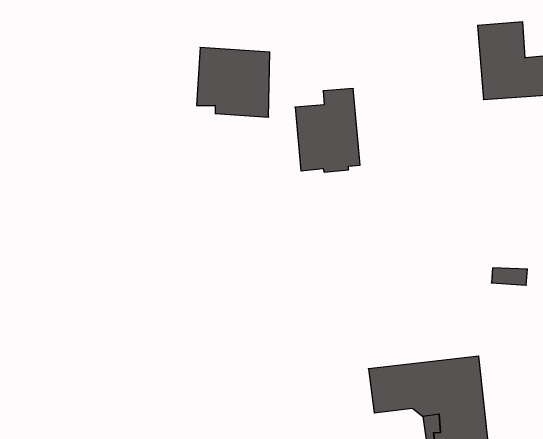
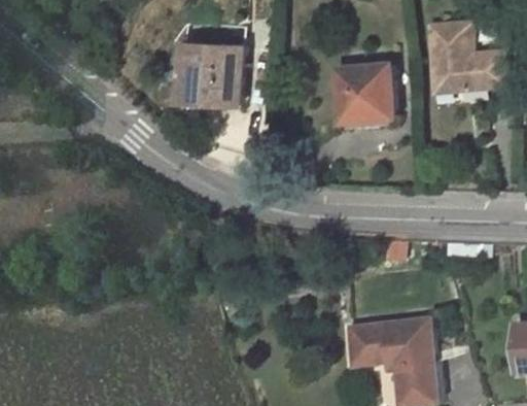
building: [295,89,360,172] -> [340,50,397,125]

